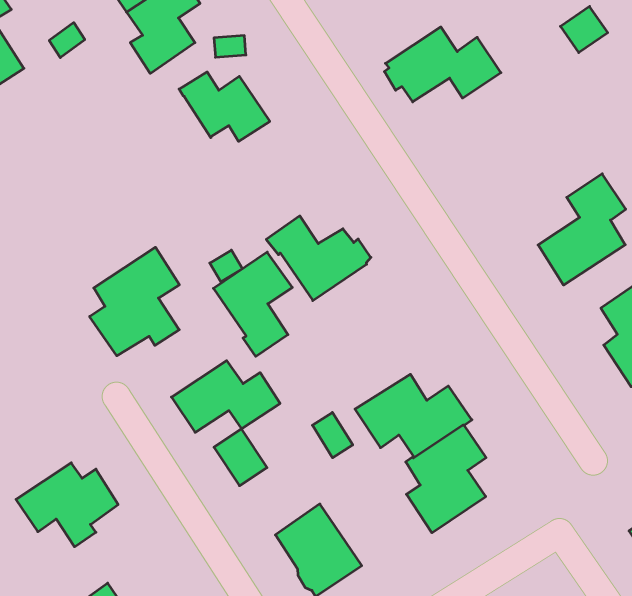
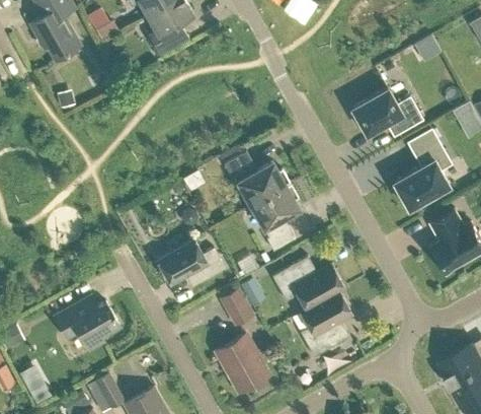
building: [384,27,501,102] -> [350,88,423,134]
building: [179,72,270,141] -> none
building: [90,247,179,356] -> none
building: [213,252,292,356] -> [250,186,300,251]
building: [214,429,267,486] -> [221,289,253,325]

